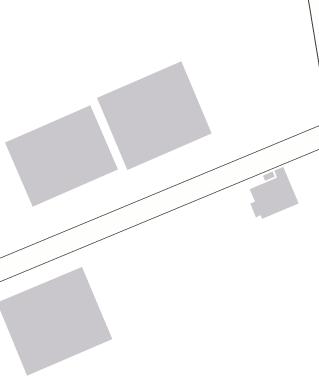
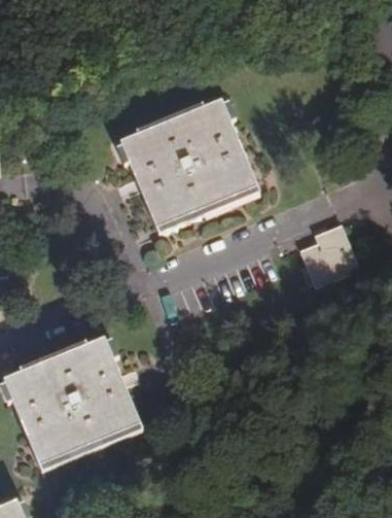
building: [4,104,119,208] -> none

